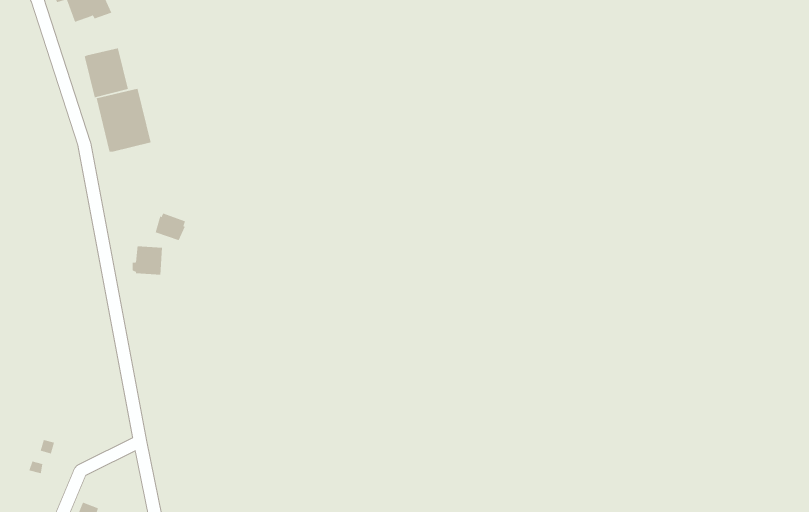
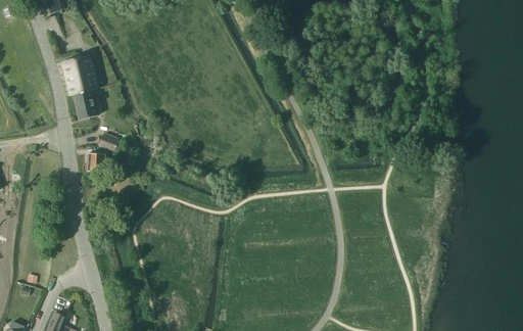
building: [84,47,128,98] -> none
building: none -> [74,89,103,120]

